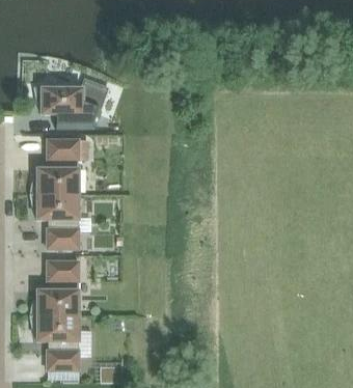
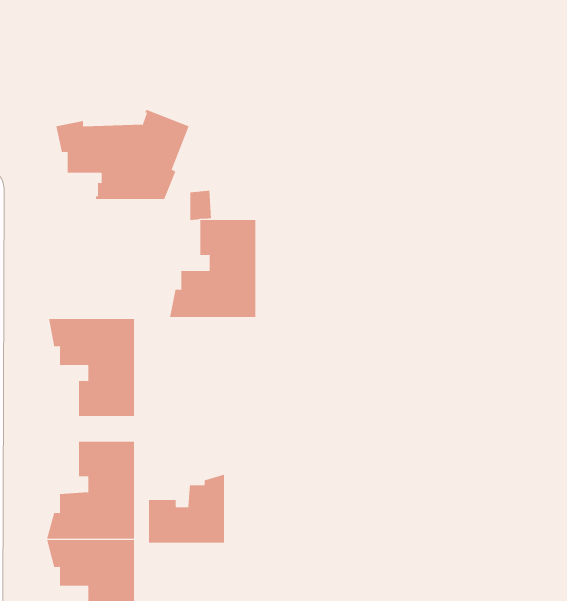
building: [30,140,78,194] -> [169,220,256,318]
building: none -> [148,474,225,544]

